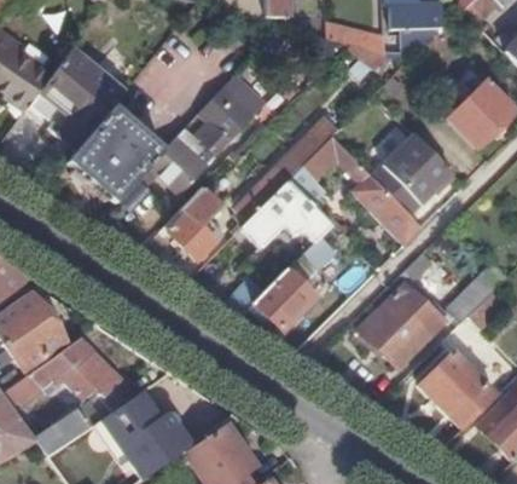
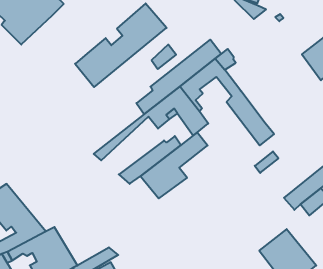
building: [65,106,163,206] -> none
building: [371,134,451,215] -> none
building: [141,188,222,261] -> none
building: [358,284,443,367] -> none

